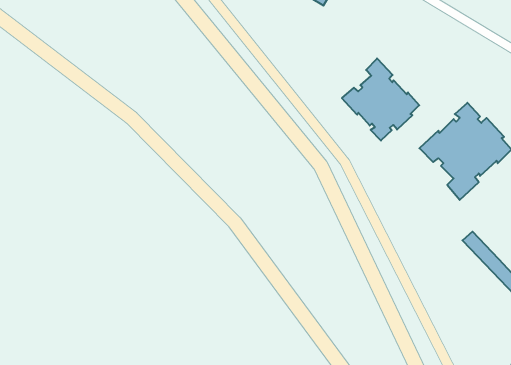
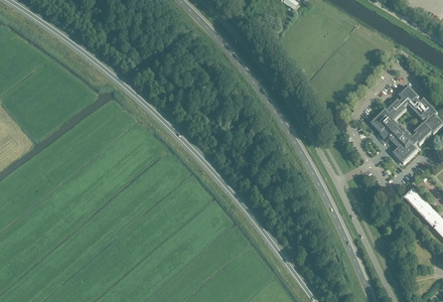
building: [342,58,419,141] -> none

